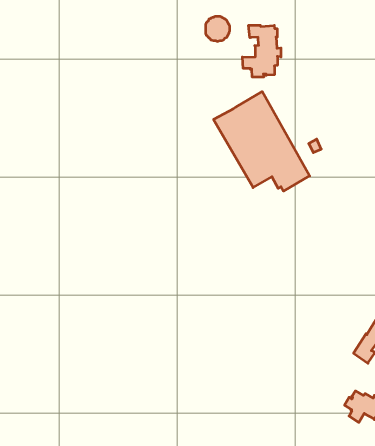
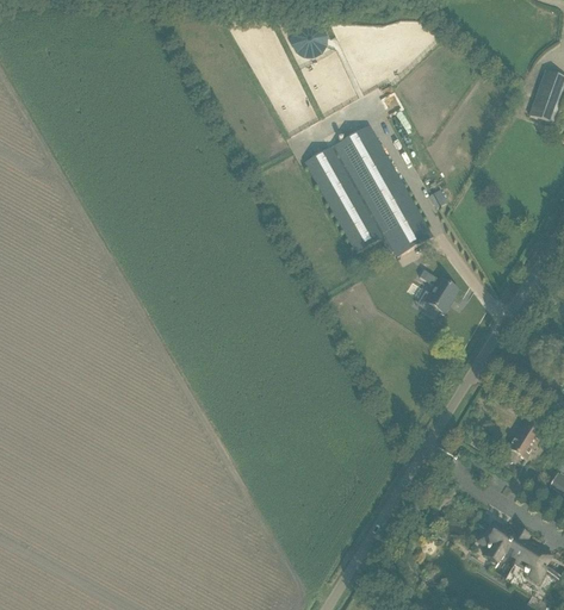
building: [242,25,281,77] -> none
building: none -> [422,270,458,312]

